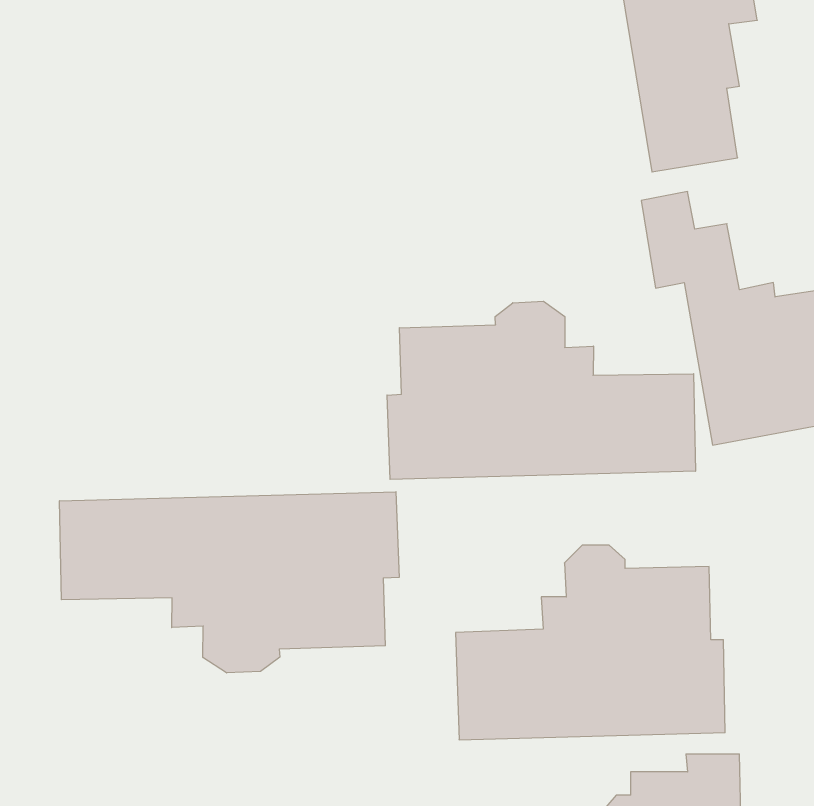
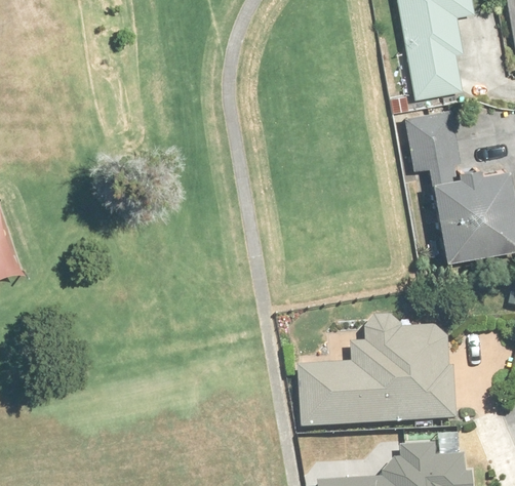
building: [387,301,695,479] -> none
building: [60,492,399,673] -> none

